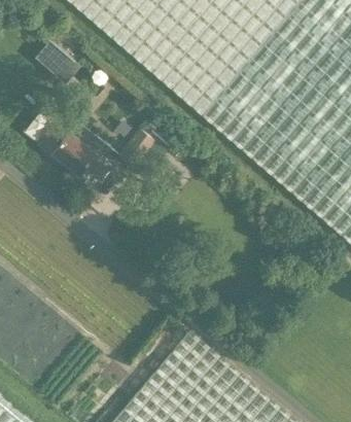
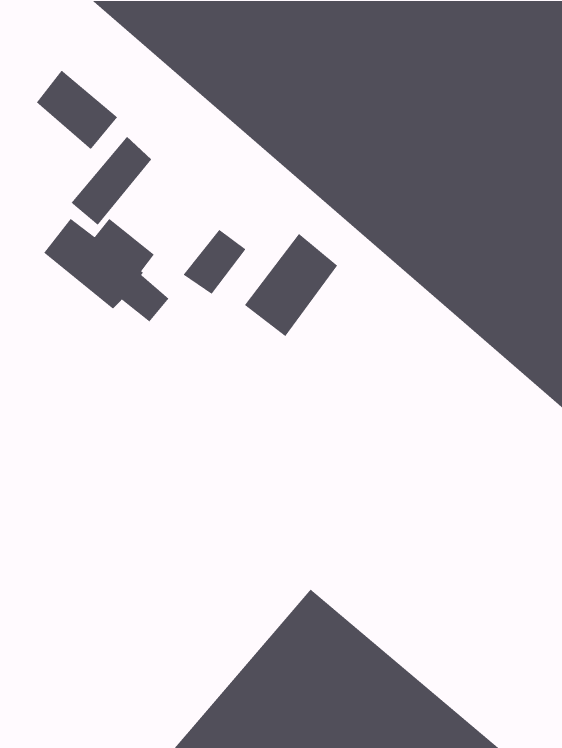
building: none -> [71,136,152,226]
building: none -> [244,233,338,337]

